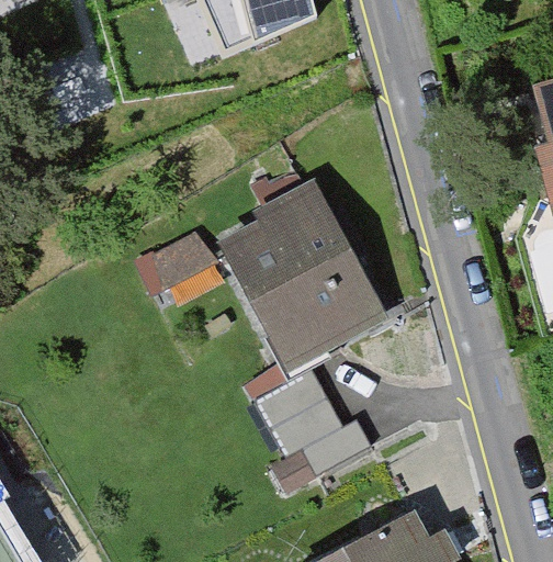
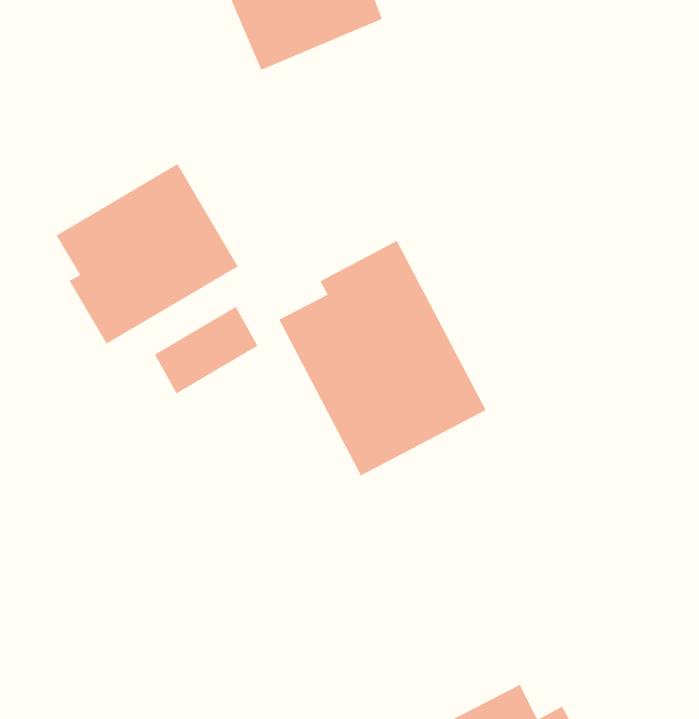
building: none -> [56,163,239,345]
building: [245,366,369,494] -> none

